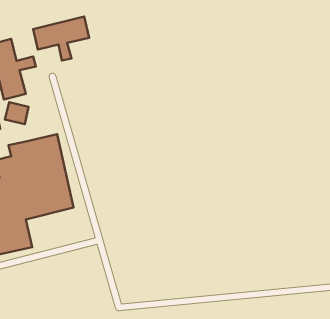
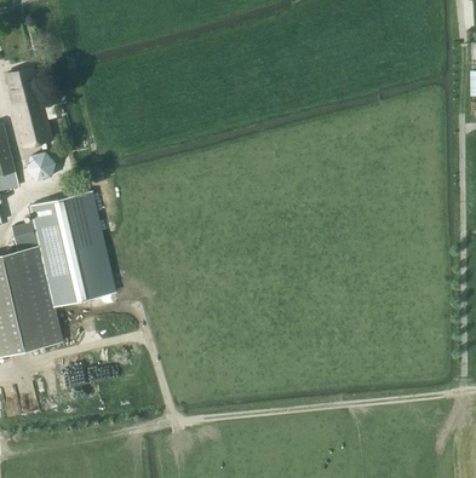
building: [33,17,89,61] -> none

